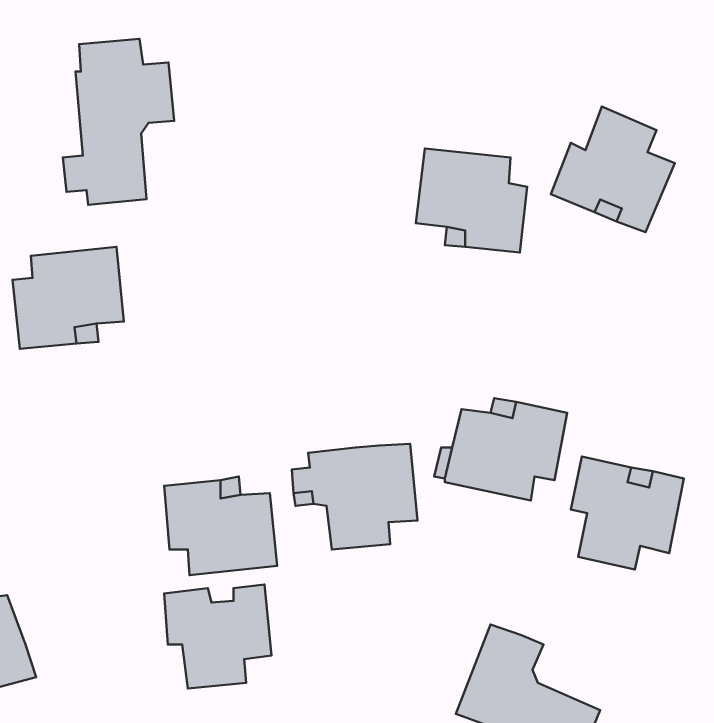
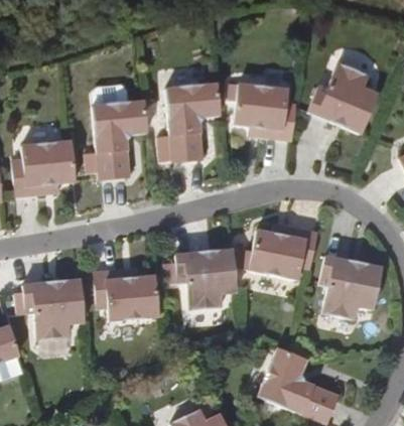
building: [63,39,174,205] -> [85,86,146,177]
building: none -> [166,83,220,159]
building: [164,584,272,688] -> [24,284,84,341]

